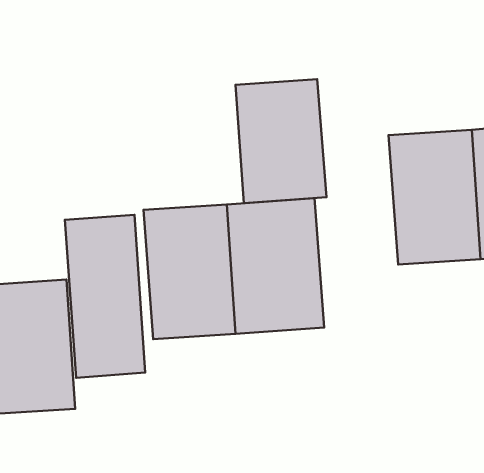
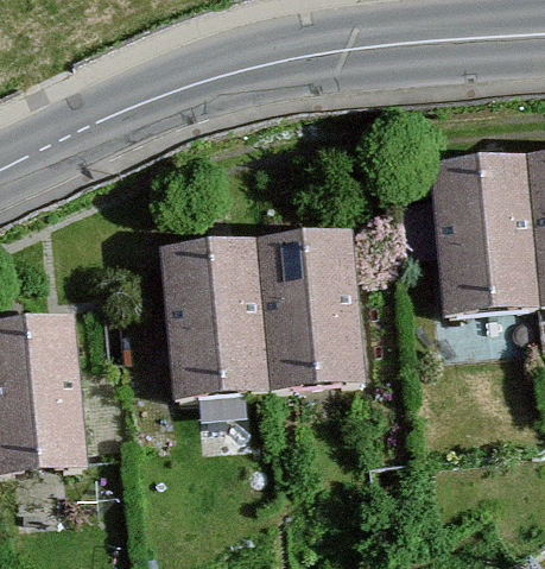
building: [235,79,326,203] -> none
building: [65,215,145,378] -> none

